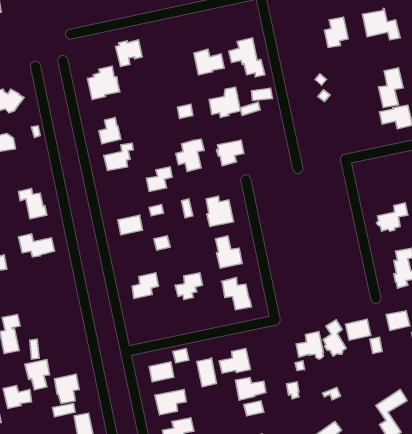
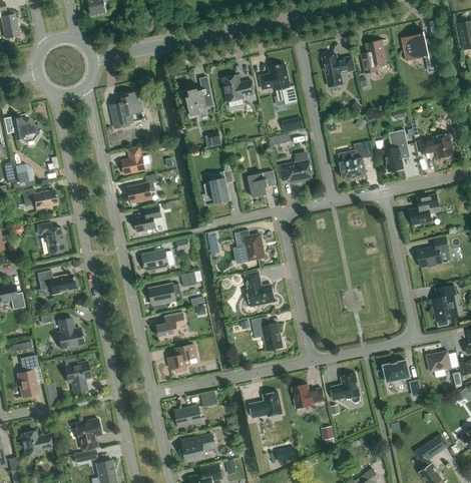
building: none -> [323,54,355,87]
building: [116,40,142,66] -> [185,87,213,115]
building: [379,68,403,108] -> [383,129,409,171]
building: [209,87,240,118] -> [279,151,312,183]
building: none -> [339,141,374,180]
building: none -> [22,187,57,208]
building: none -> [407,195,439,224]
building: [146,167,172,191] -> [134,205,161,231]
building: none -> [149,283,180,305]
building: [175,273,203,299] -> [167,344,196,372]
building: none -> [57,317,83,348]
building: [323,320,346,356] -> none
building: [197,358,216,387] -> none
building: [25,360,50,390] -> [64,361,90,393]
building: [236,377,266,400] -> [292,384,324,408]

